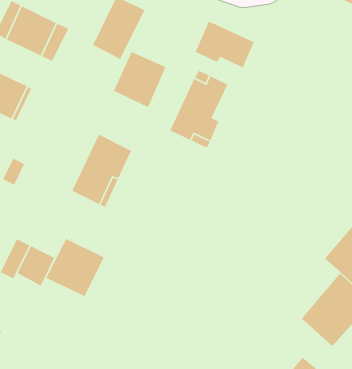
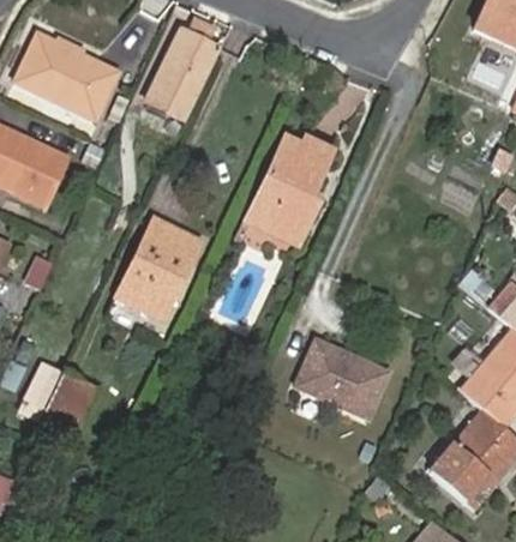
building: [194,20,255,69] -> none
building: [113,51,166,108] -> none
building: none -> [295,338,392,420]
building: [45,238,105,297] -> none

